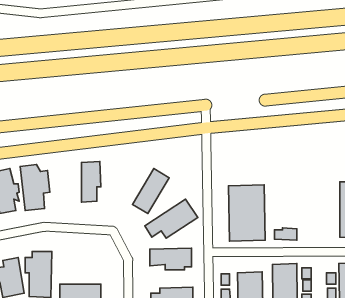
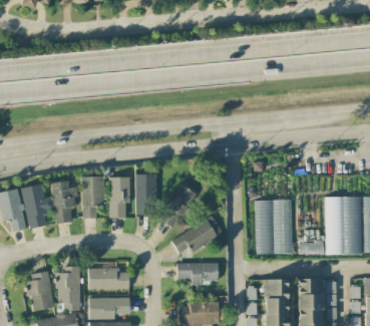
building: none -> [136,175,156,214]
building: none -> [81,177,105,218]
building: none -> [324,197,362,253]
building: none -> [89,269,130,289]

